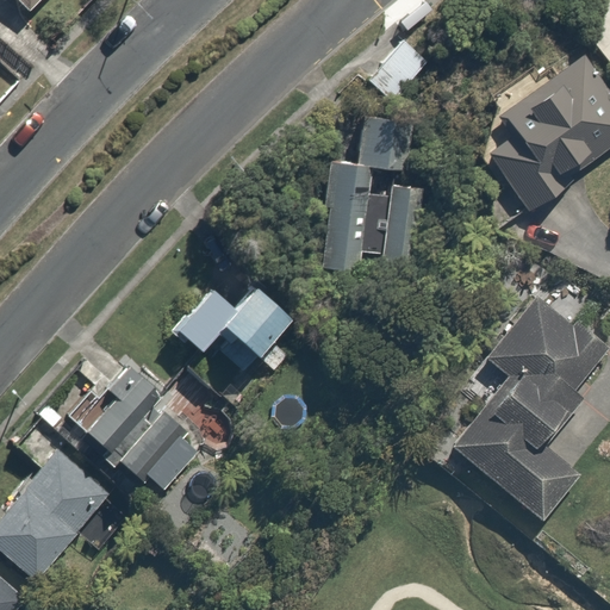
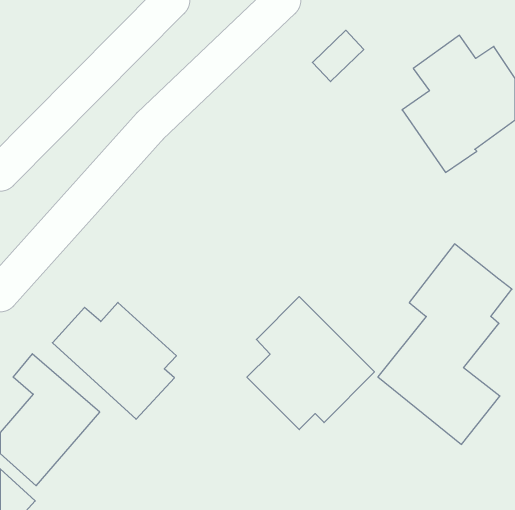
building: [318,122,413,281] -> none
building: [170,286,303,385] -> none
building: none -> [247,297,374,430]

